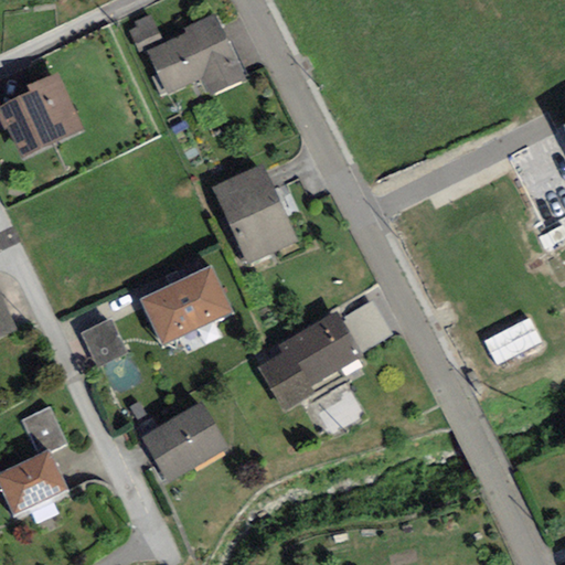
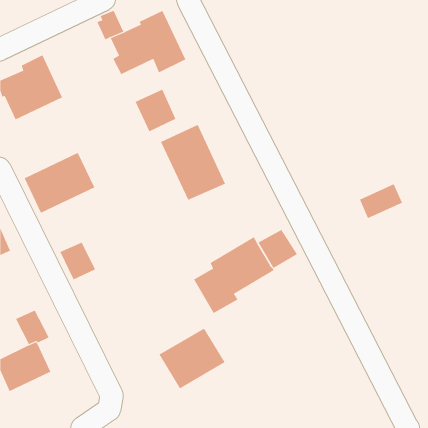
building: none -> [135,89,176,132]
building: [138,265,232,345] -> [24,152,95,214]
building: [486,317,543,363] -> [359,184,403,219]
building: [140,402,228,482] -> [158,328,226,389]

